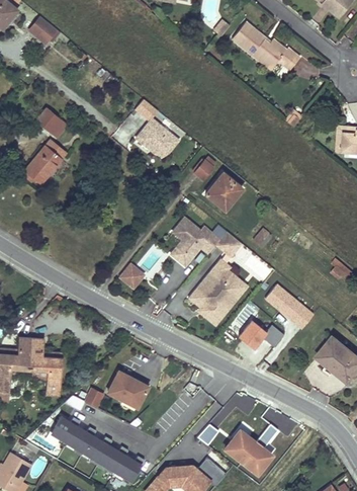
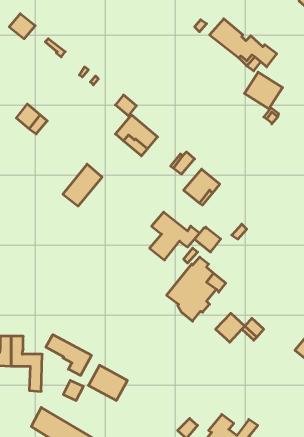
building: none -> [244,72,283,109]
building: [25,140,65,182] -> [63,164,102,206]
building: [118,262,149,293] -> none
building: [265,282,315,329] -> none
building: none -> [46,335,91,375]

